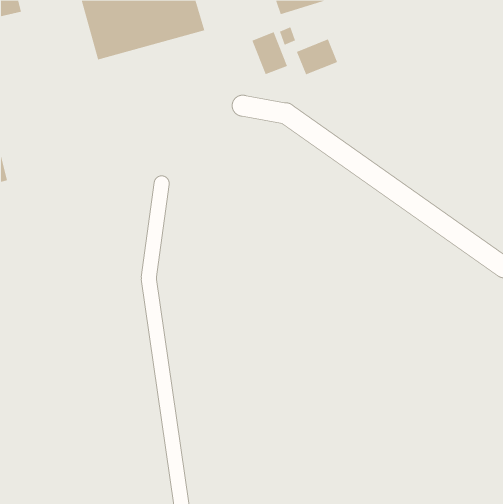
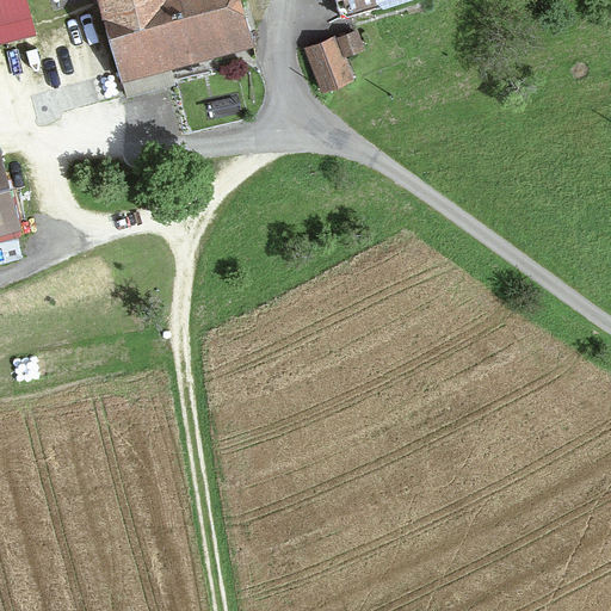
building: [296,39,338,75] -> none

